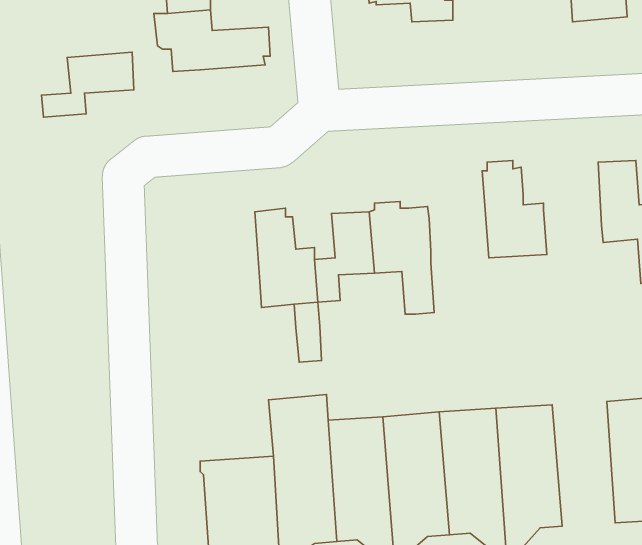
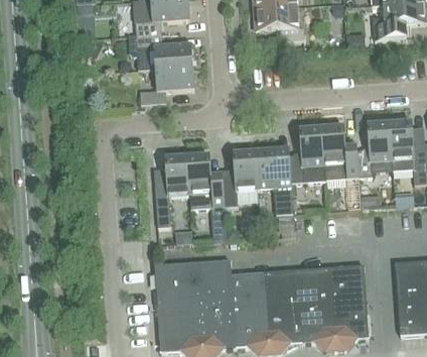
building: [42,52,134,117] -> [139,65,193,103]
building: none -> [289,122,324,182]
building: none -> [357,122,391,176]
building: none -> [154,151,189,210]
building: none -> [153,262,197,299]

